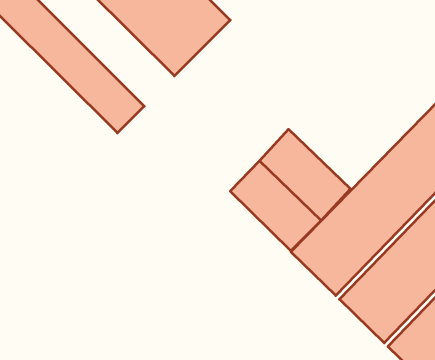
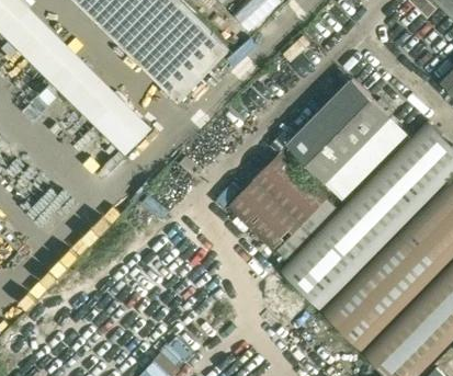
building: none -> [285,79,406,198]

